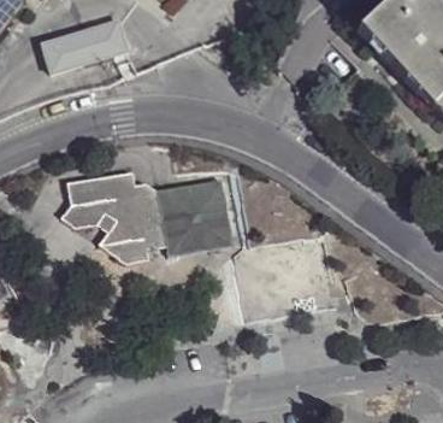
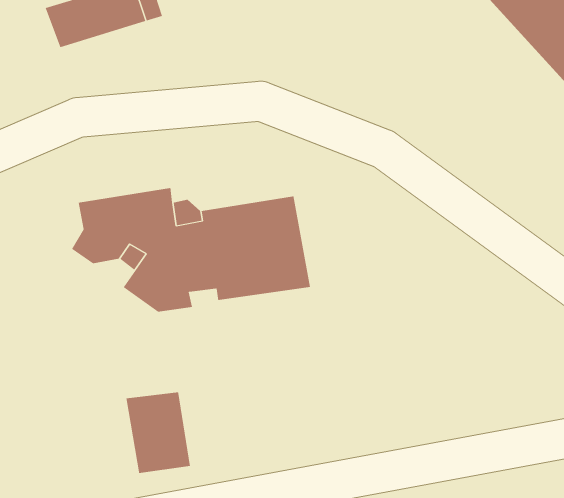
building: none -> [126,391,190,474]

